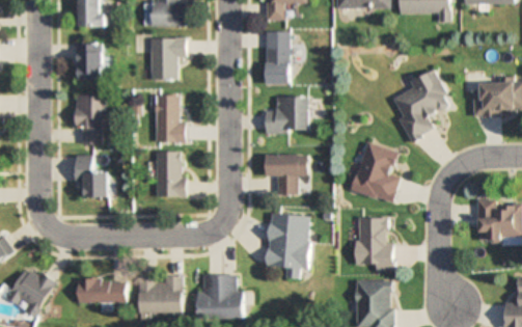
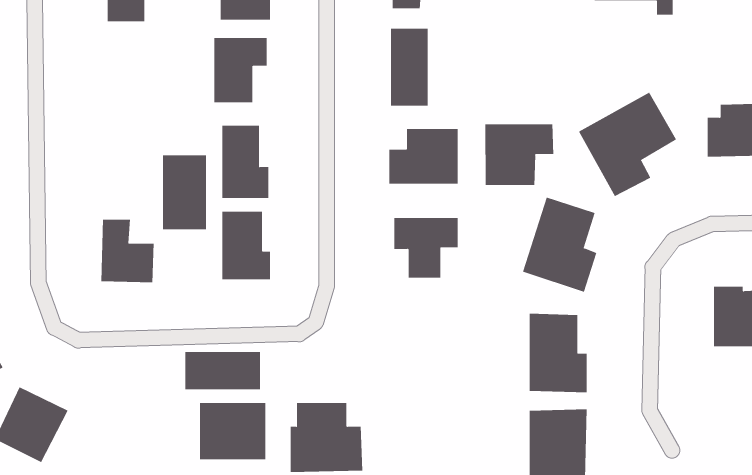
building: [76,42,104,79] -> none
building: none -> [485,123,554,186]
building: [76,94,105,143] -> [162,155,207,230]
building: [266,212,312,278] -> none
building: [77,278,127,303] -> [184,352,261,390]

